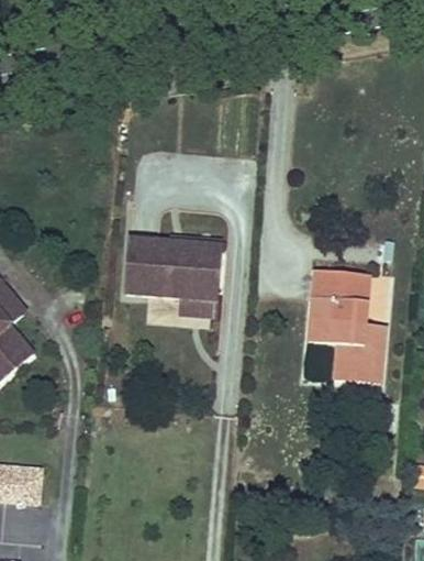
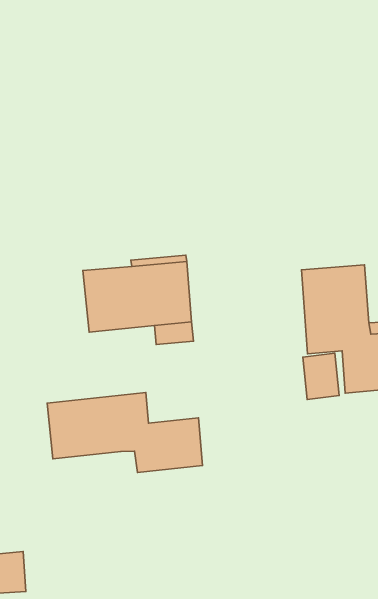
building: none -> [47,392,203,473]

